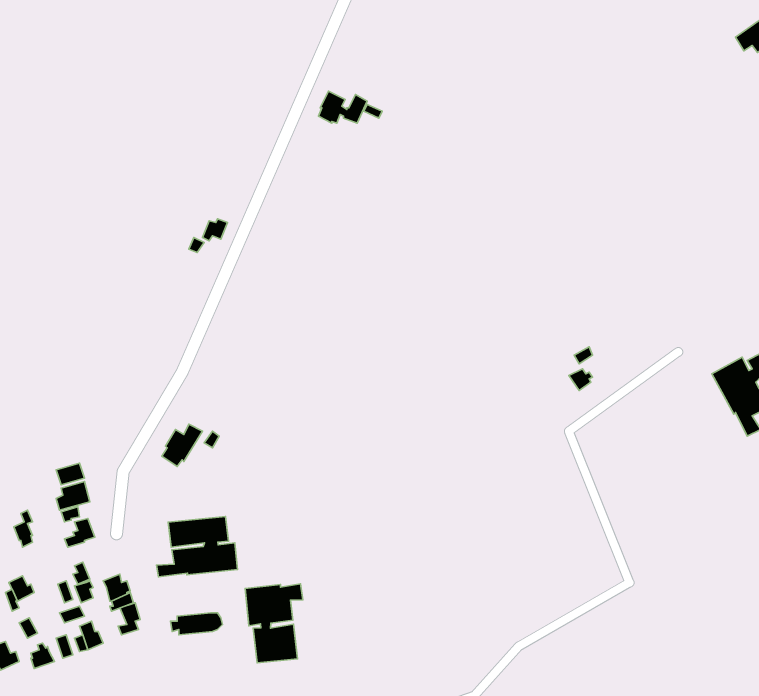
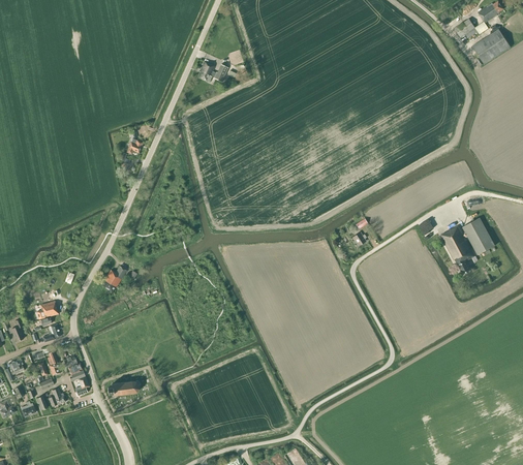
building: [157,517,237,577] -> none
building: [245,584,303,663] -> none

